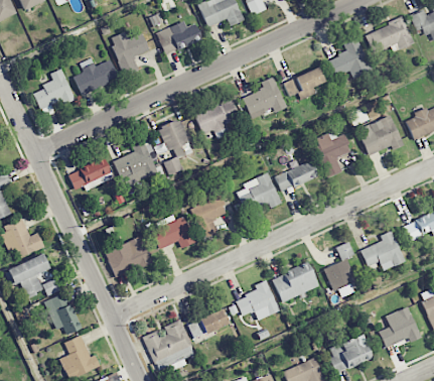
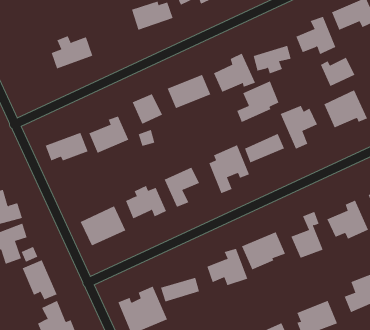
building: [109,31,150,76] -> none
building: [33,69,76,110] -> none
building: none -> [320,57,355,87]
building: none -> [236,81,279,123]

